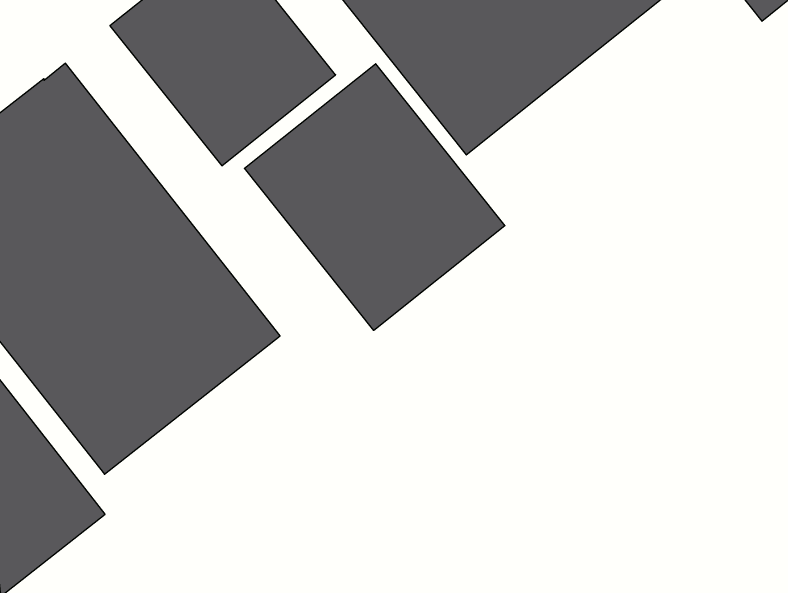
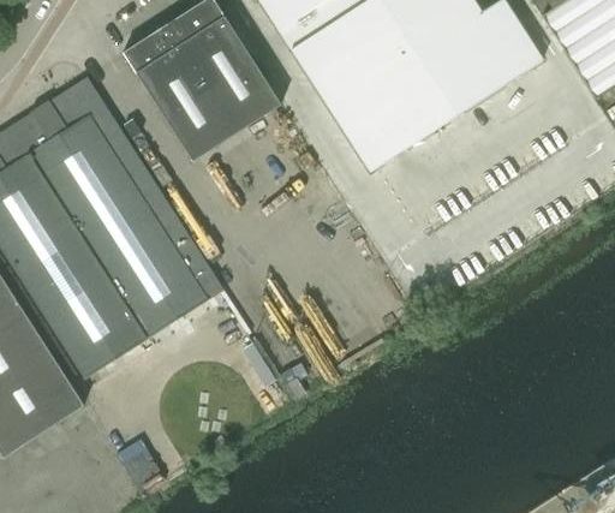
building: [244,64,505,330] -> none

